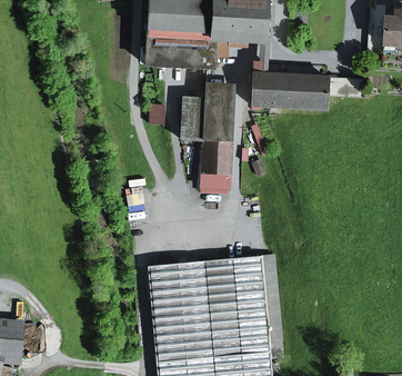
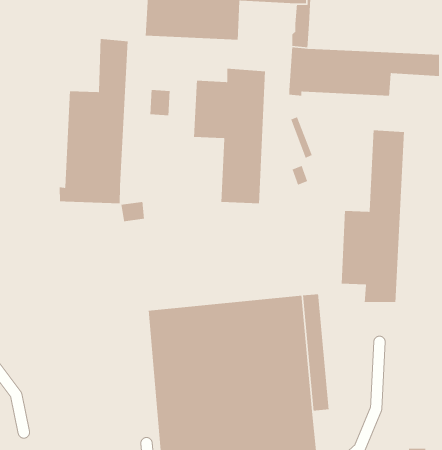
building: none -> [59,38,129,204]
building: none -> [341,130,405,303]

